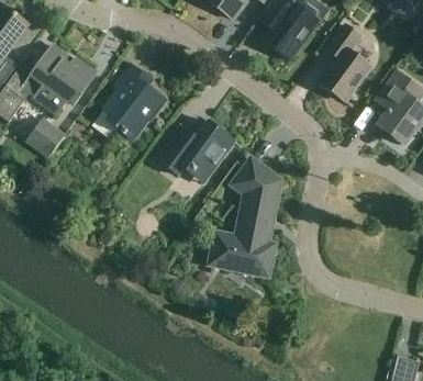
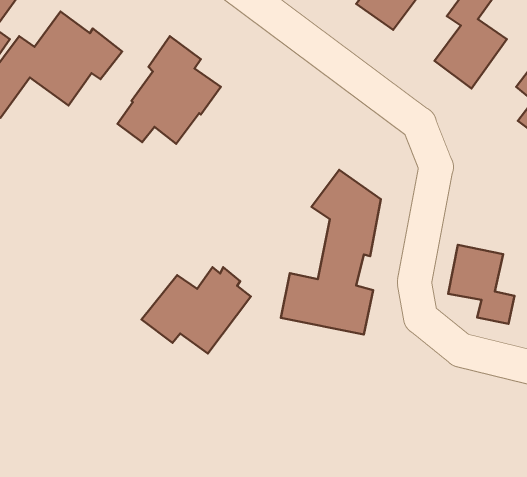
building: [26,116,67,158] -> none
building: [156,120,234,181] -> [142,267,251,353]
building: none -> [448,245,514,324]

